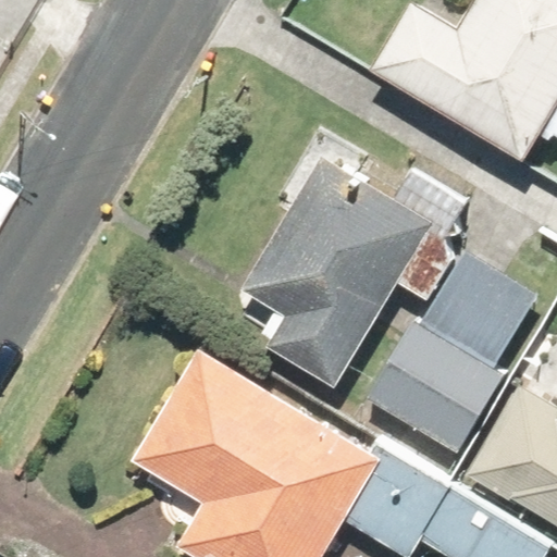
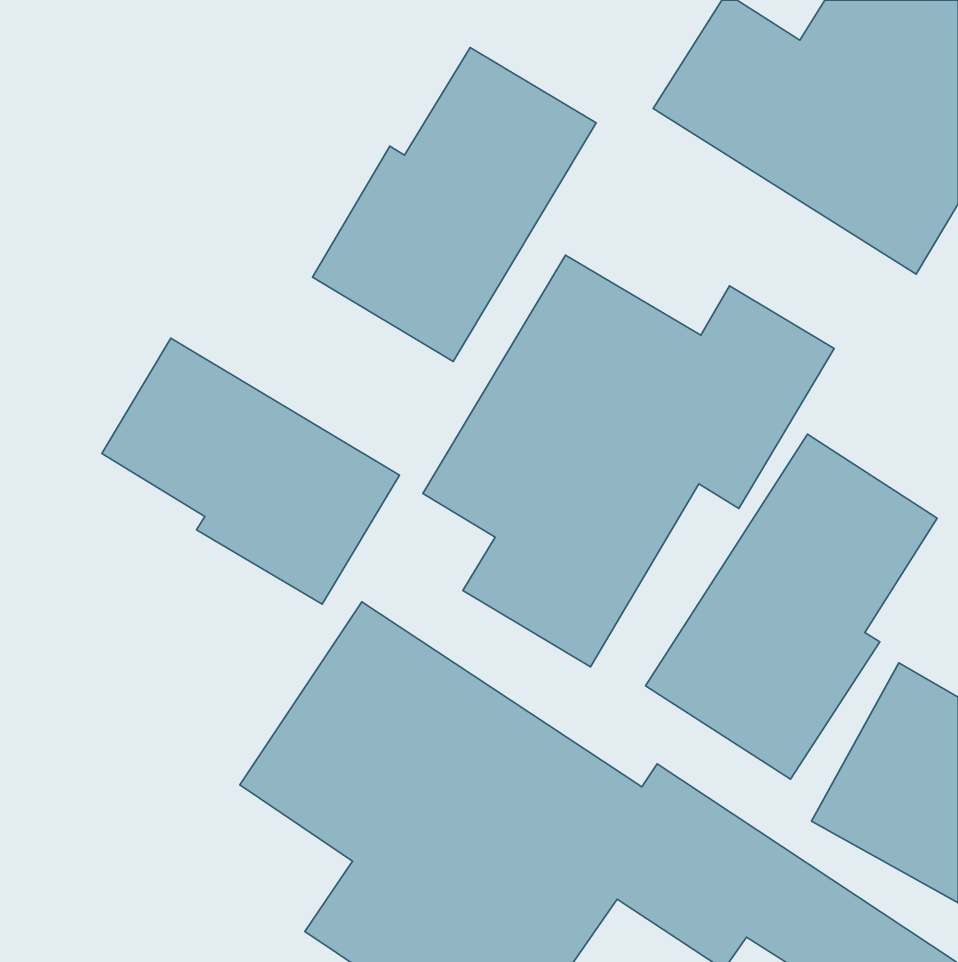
building: none -> [312,48,596,362]
building: none -> [102,338,399,604]

